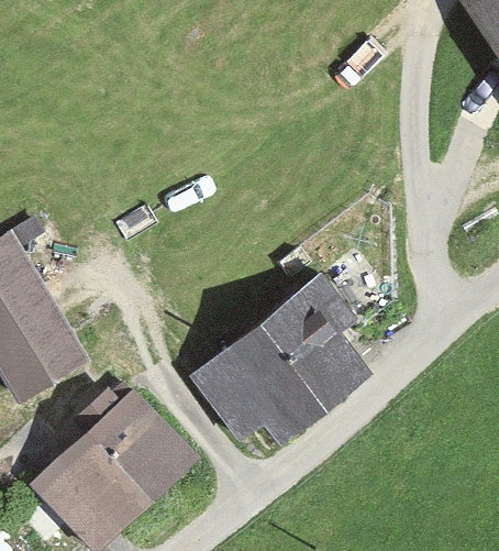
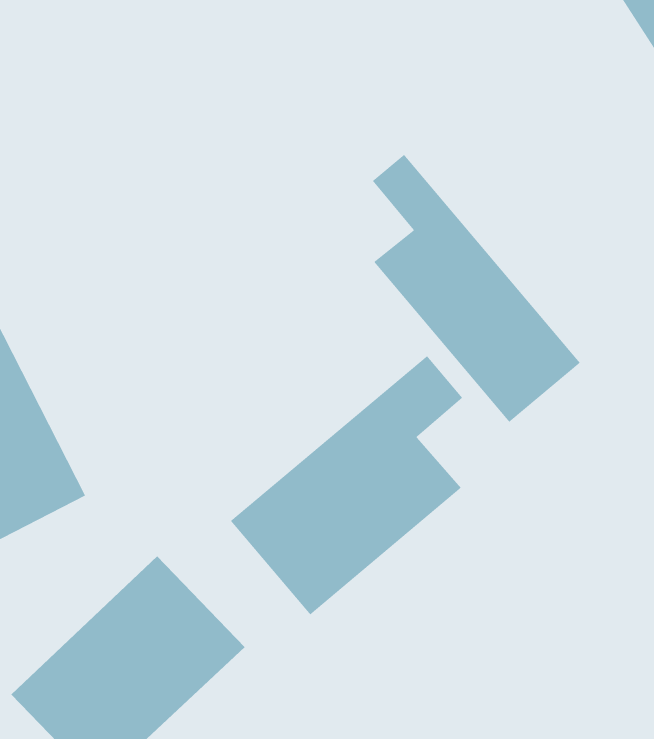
building: none -> [372,154,581,423]

